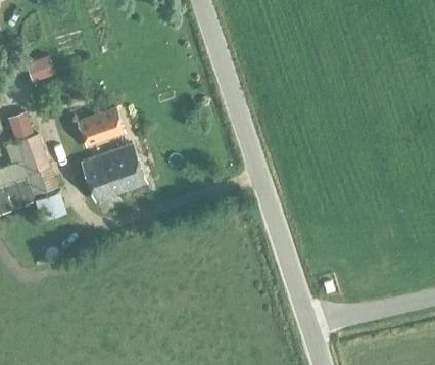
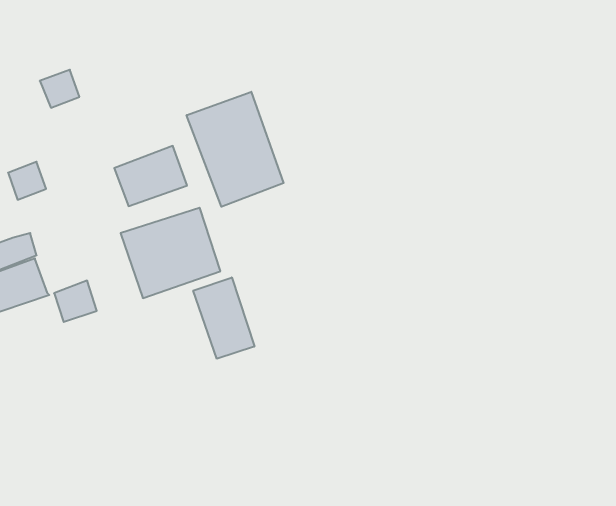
building: none -> [187,92,284,207]
building: [17,134,57,195] -> none
building: none -> [193,277,254,359]

